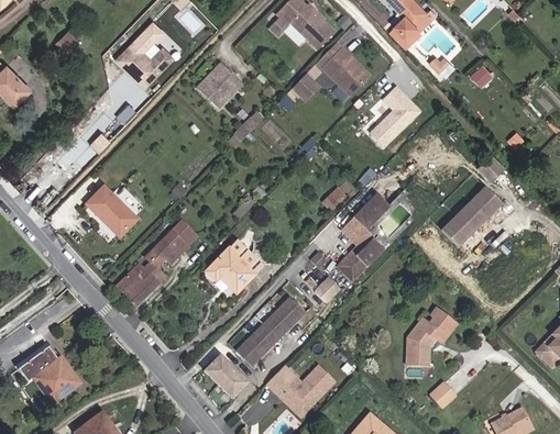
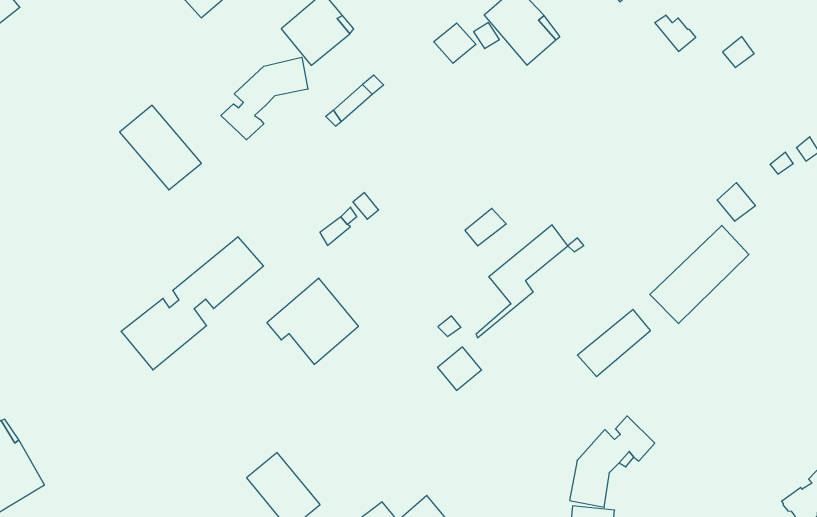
building: [369,84,422,147] -> none
building: none -> [221,57,308,140]
building: [85,186,138,237] -> [120,105,201,190]
building: [337,236,381,280] -> [577,309,650,377]
building: [234,300,305,370] -> none

